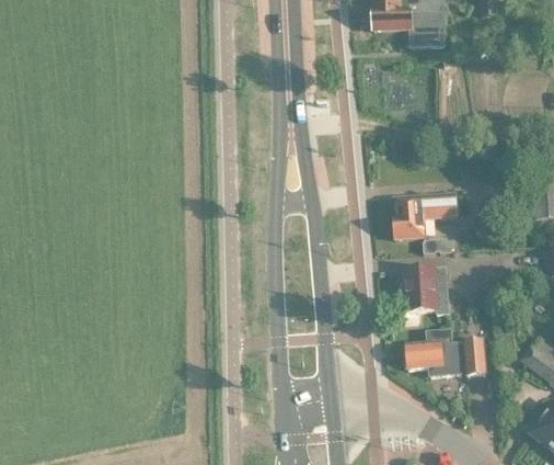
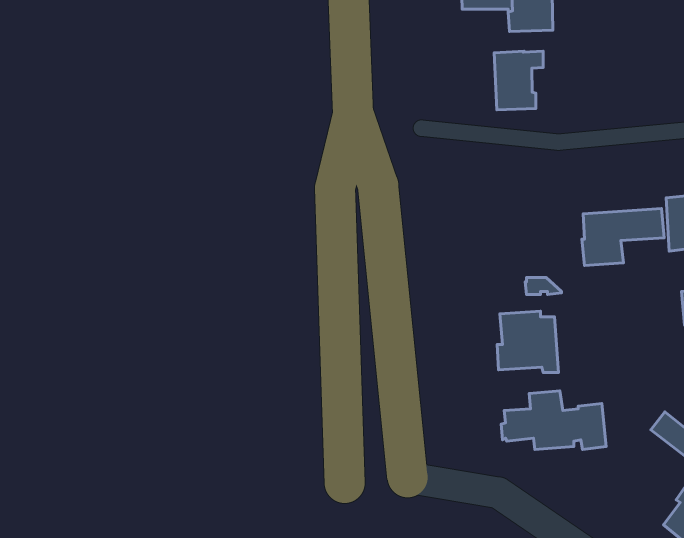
building: none -> [494,51,543,110]
building: [394,193,459,238] -> [582,208,664,266]

